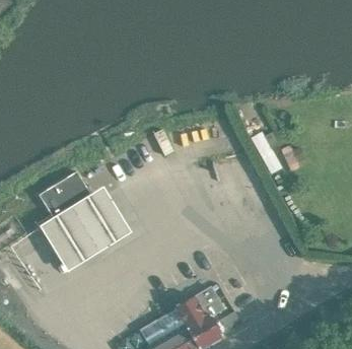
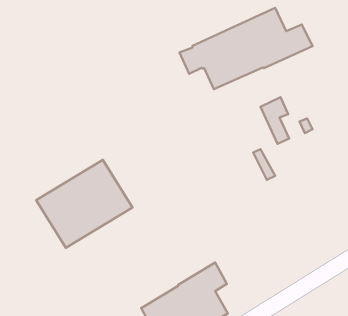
building: none -> [179,8,313,89]
building: [39,171,97,219] -> none

